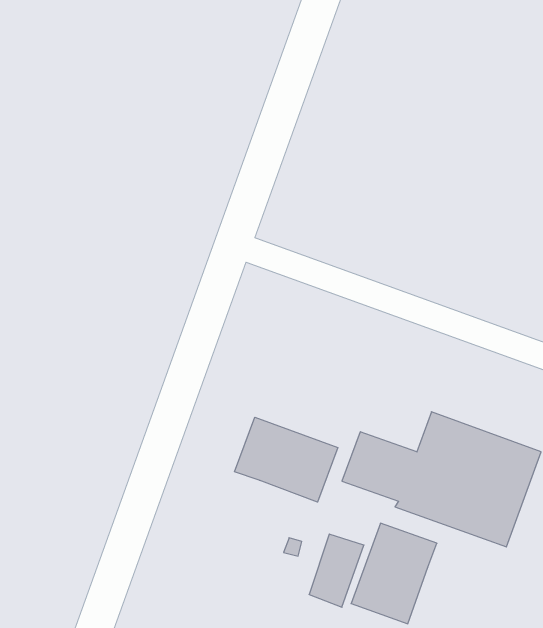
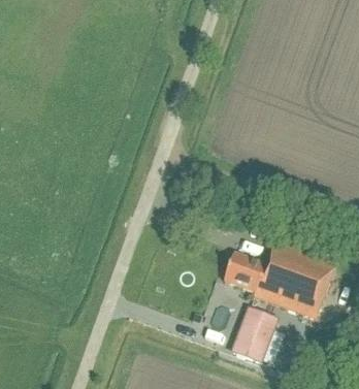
building: [234,417,338,502] -> none

